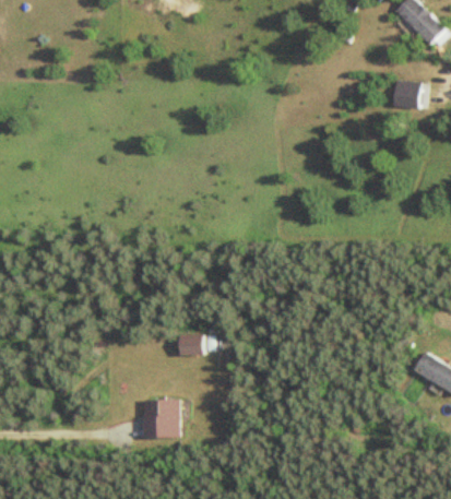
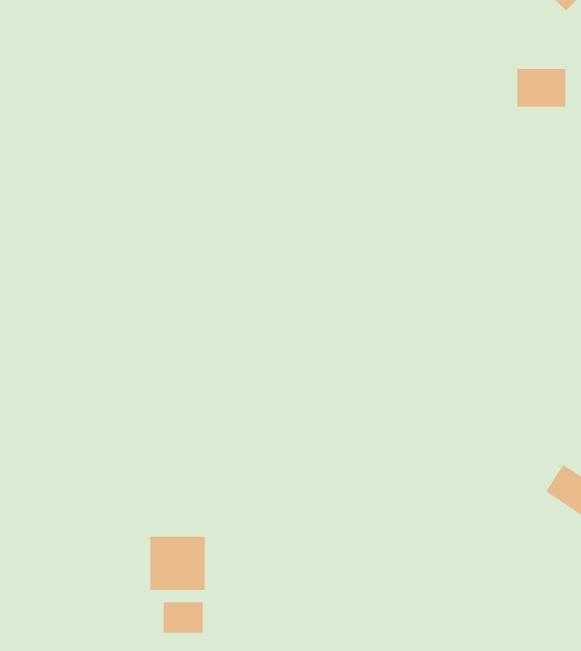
building: [177,335,205,356] -> none
building: none -> [163,602,203,634]

